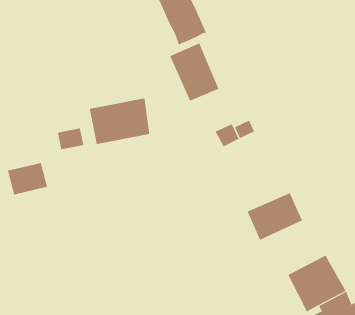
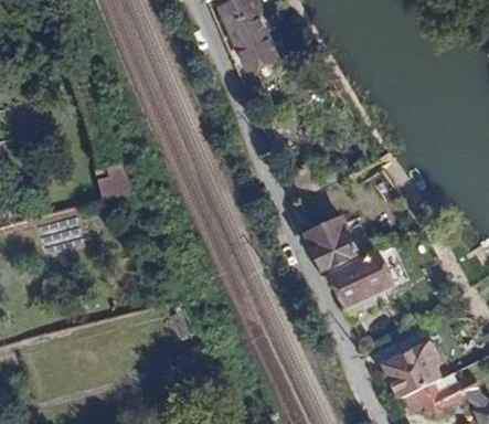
building: [169,42,219,102] -> none
building: [89,97,150,145] -> none
building: none -> [301,213,362,274]

